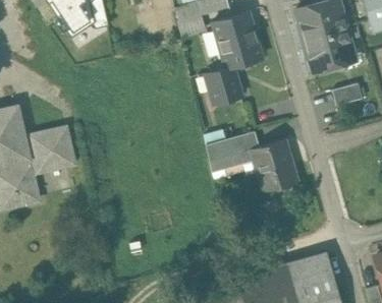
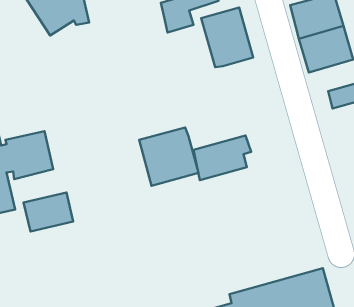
building: [206,66,241,105] -> none
building: none -> [139,127,198,186]
building: [253,139,297,190] -> none
building: none -> [24,192,73,231]

